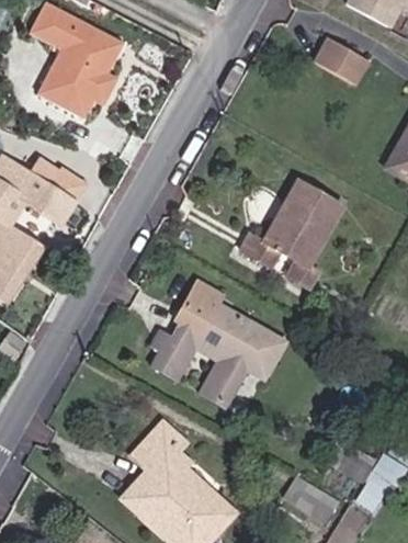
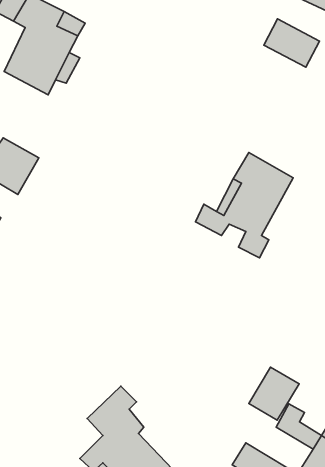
building: [155,278,286,405] -> none
building: none -> [249,367,299,420]

